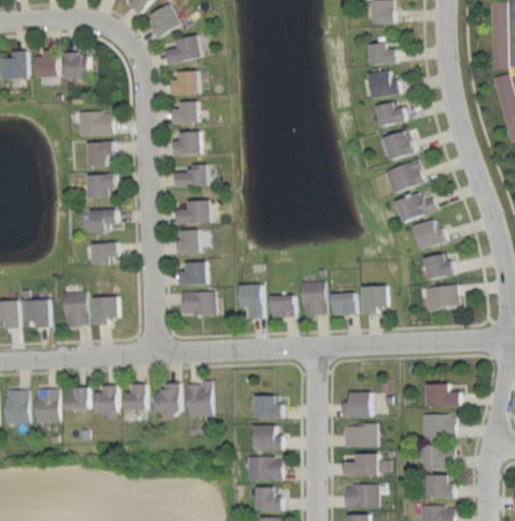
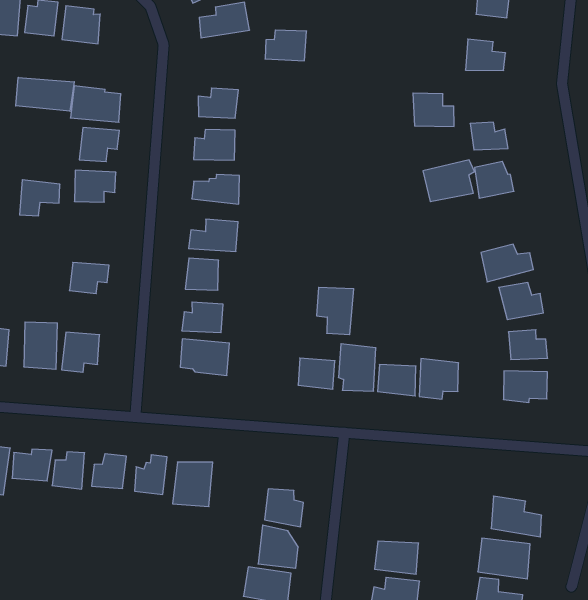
building: [170,70,201,95] -> [265,30,307,61]
building: [366,71,400,98] -> [413,93,454,126]
building: none -> [16,77,74,111]
building: [383,159,422,193] -> [423,160,475,202]
building: [89,209,118,235] -> [20,180,60,216]
building: [238,284,266,320] -> [317,287,354,335]
building: [343,392,373,421] -> none

